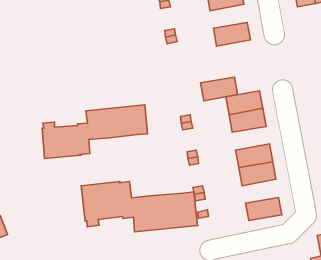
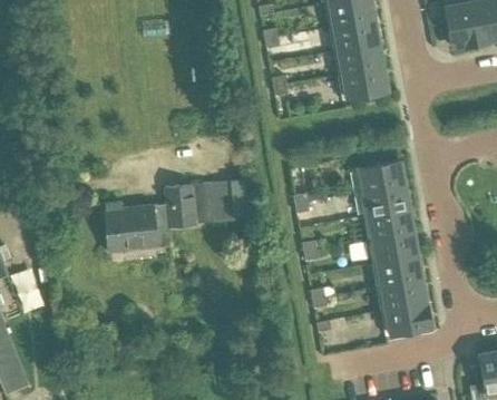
building: none -> [333,43,383,76]
building: [201,77,238,101] -> [363,208,413,241]
building: none -> [377,280,426,312]
building: [81,182,198,232] -> none

